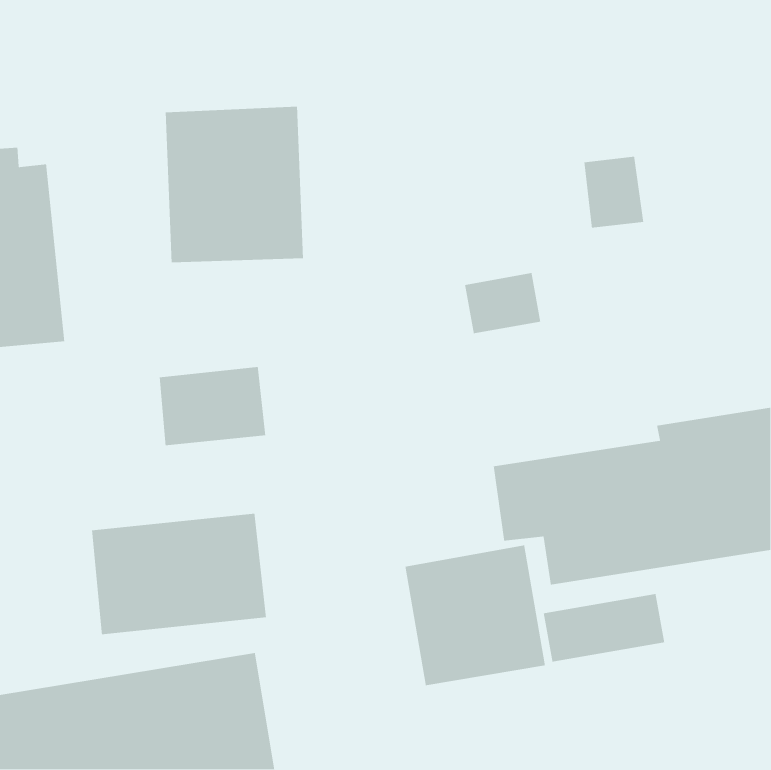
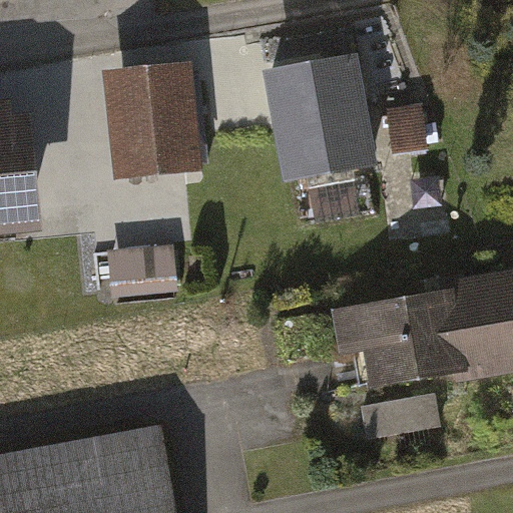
building: none -> [260,54,372,181]
building: [91,513,267,635] -> none
building: [404,545,546,686] -> none

